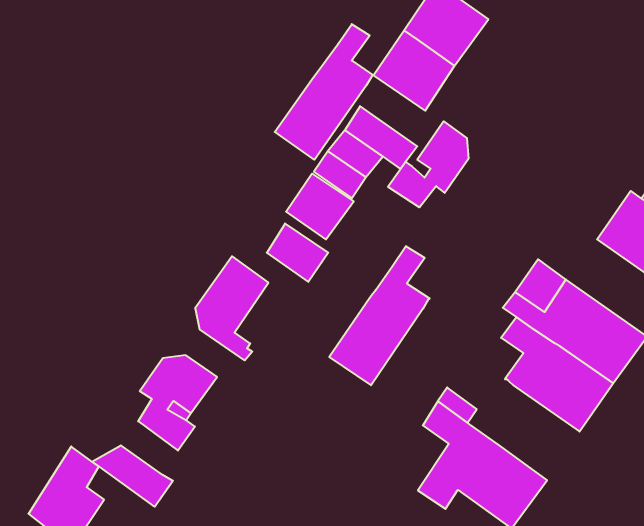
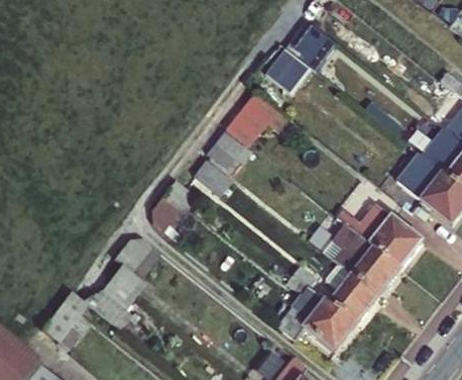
building: [275,24,373,160] -> none
building: [388,121,468,207] -> none
building: [329,246,430,385] -> none
building: none -> [326,264,380,325]

